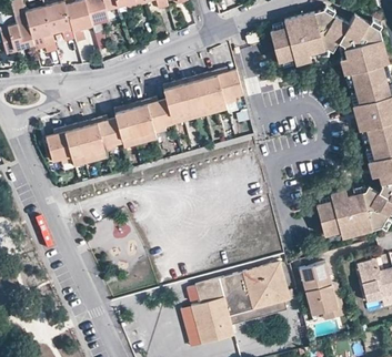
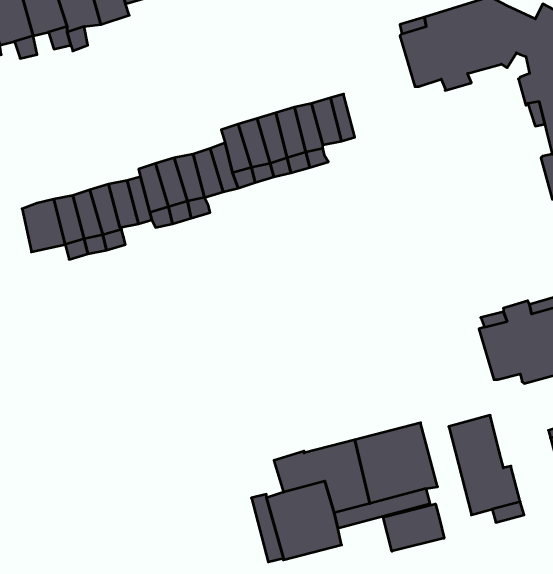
building: none -> [383,504,444,551]

